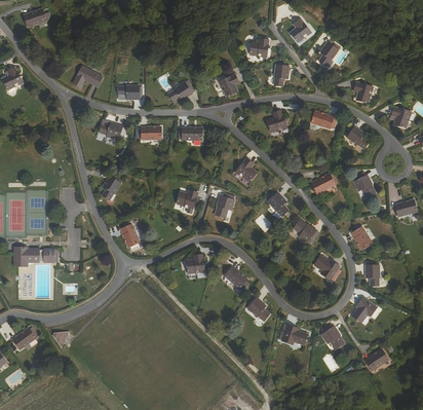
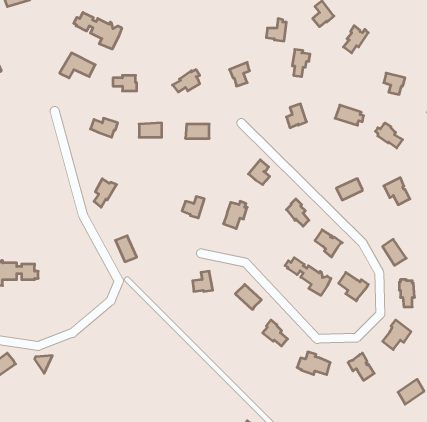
building: none -> [74,12,122,49]
building: none -> [285,258,331,295]

